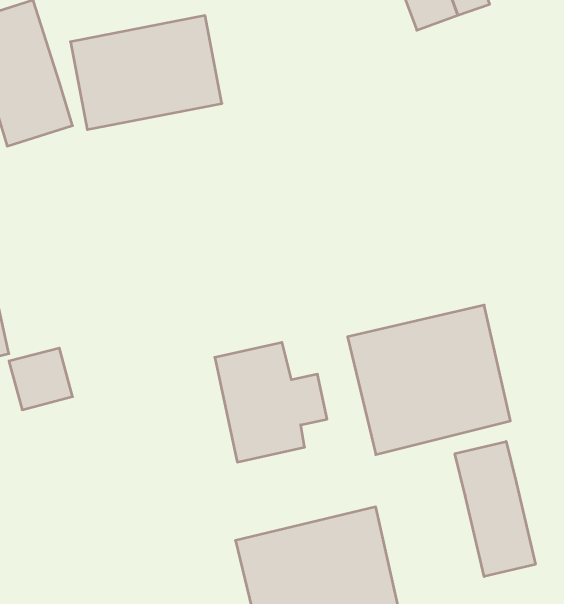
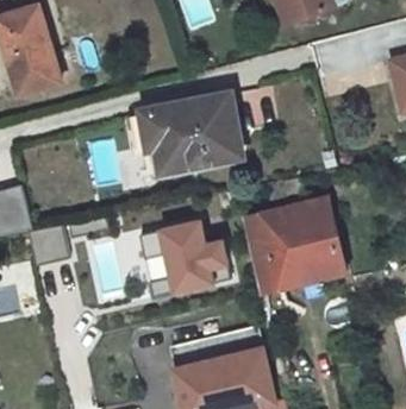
building: [70,16,222,130] -> [146,94,243,166]
building: [455,441,535,577] -> none

